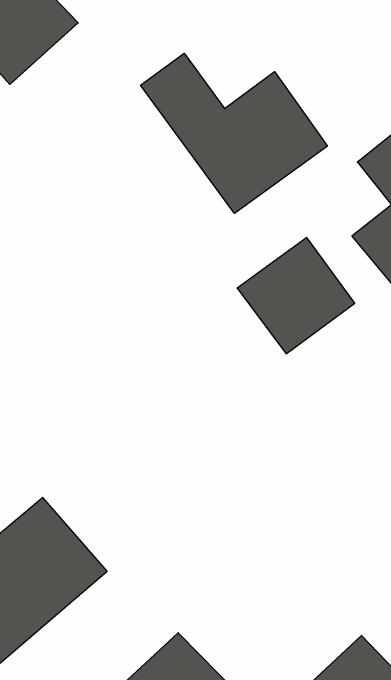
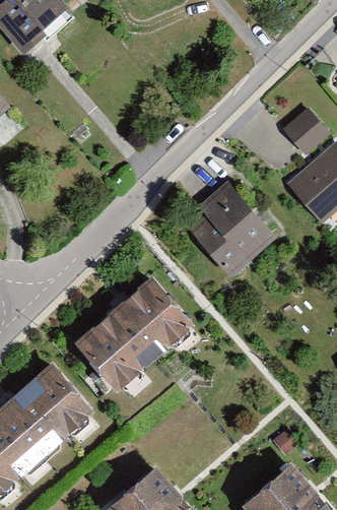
building: [141,53,327,213] -> none
building: none -> [79,290,188,392]

